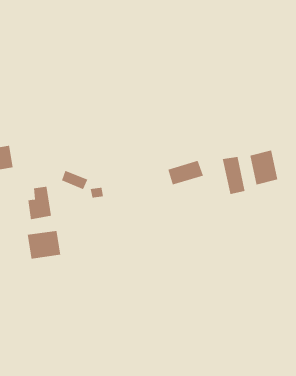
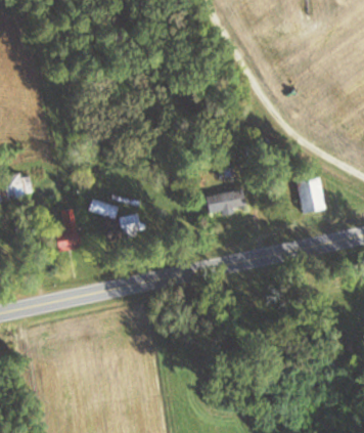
building: [222,156,245,195] -> none
building: [27,230,61,259] -> none

